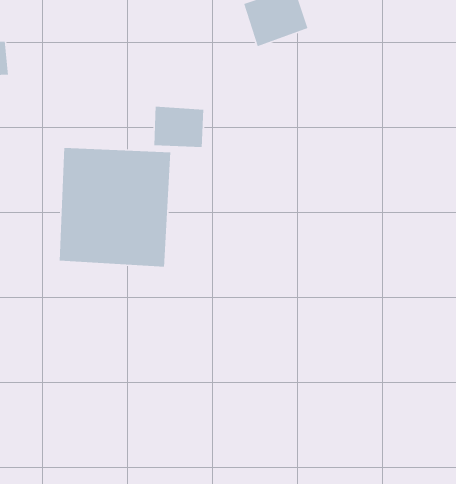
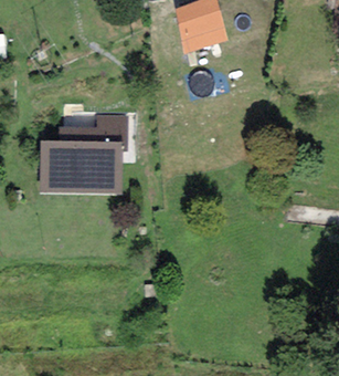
building: [154,106,204,148] -> none

